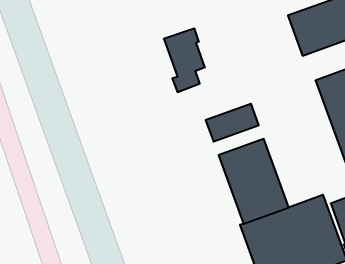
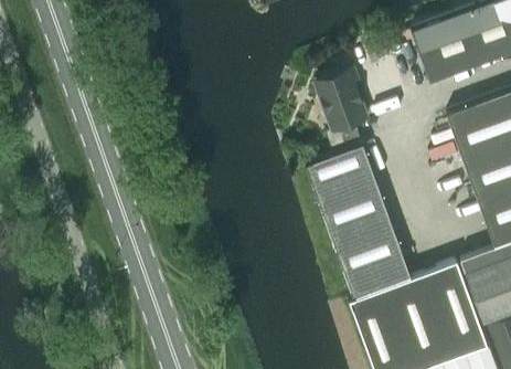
building: [164,29,205,92] -> [315,70,368,151]
building: none -> [315,172,380,211]

